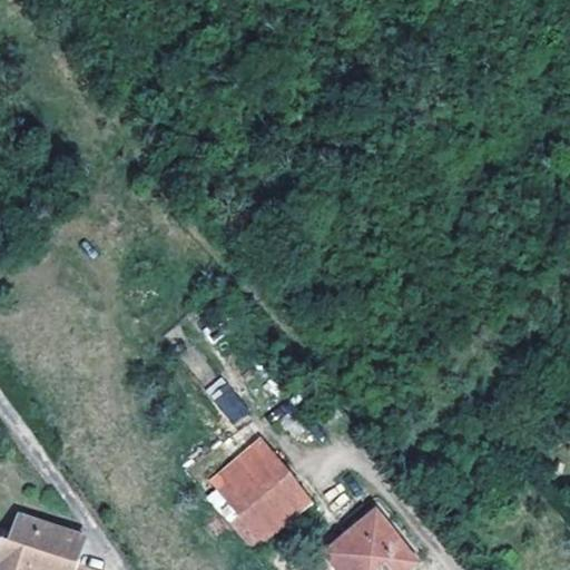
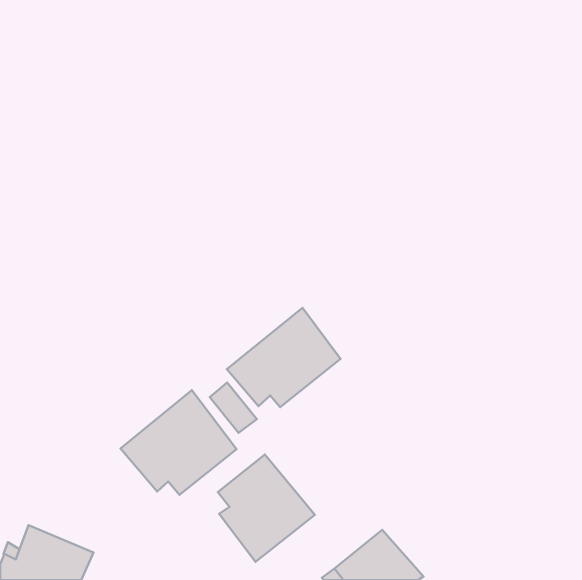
building: none -> [227,308,340,407]
building: none -> [120,390,237,495]

